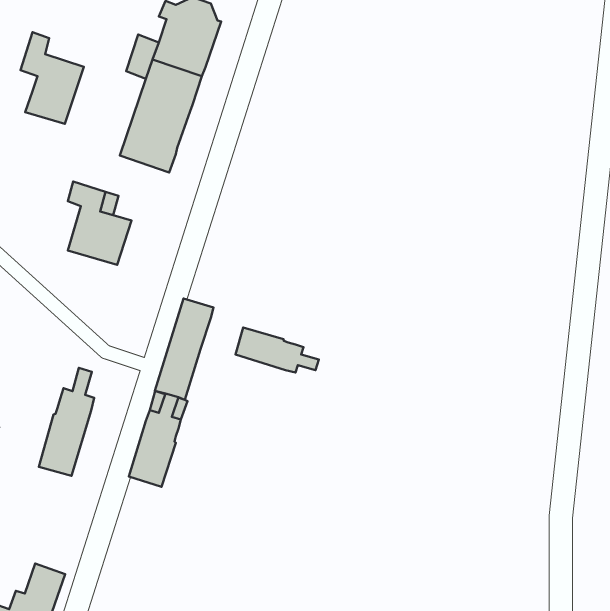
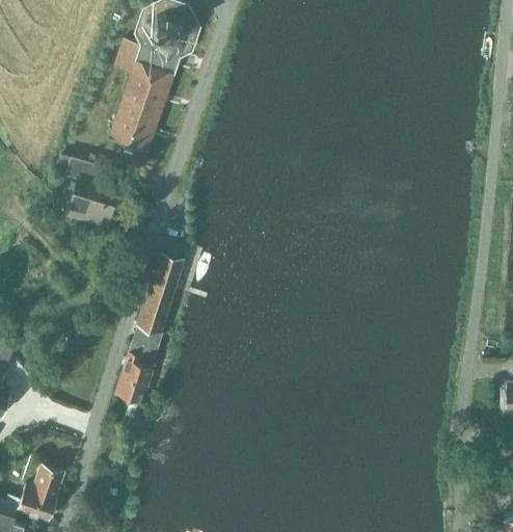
building: [21,32,84,124] -> none
building: [235,328,319,372] -> none
building: [39,368,94,476] -> none

